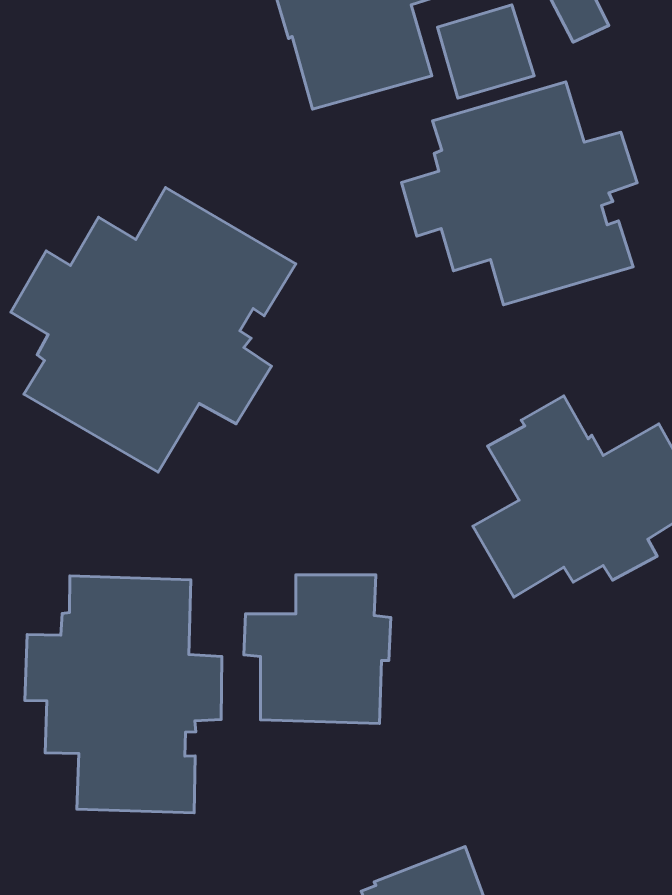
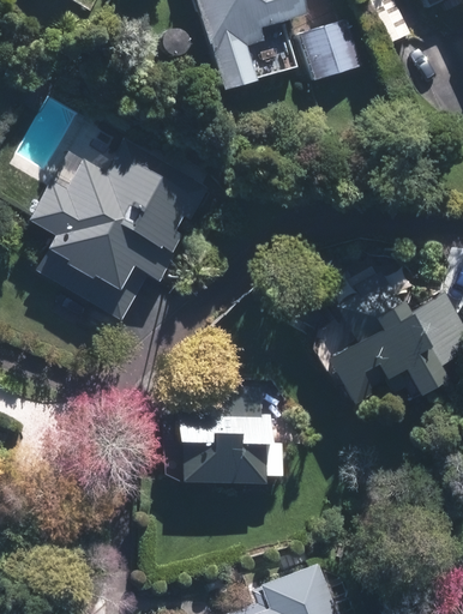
building: [402,82,637,305] -> none
building: [25,576,222,813] -> none

